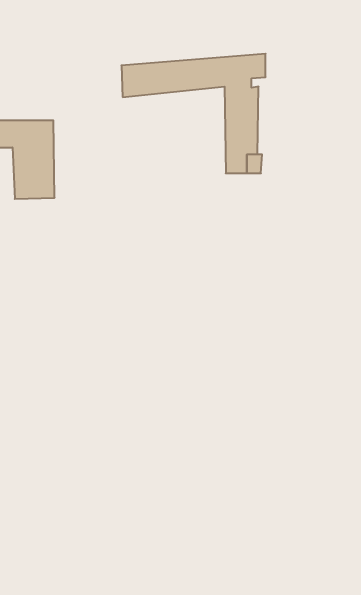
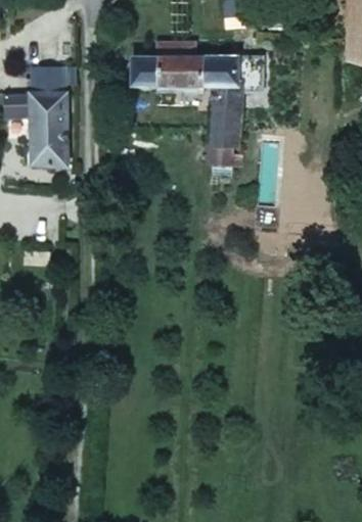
building: none -> [27,66,78,107]

